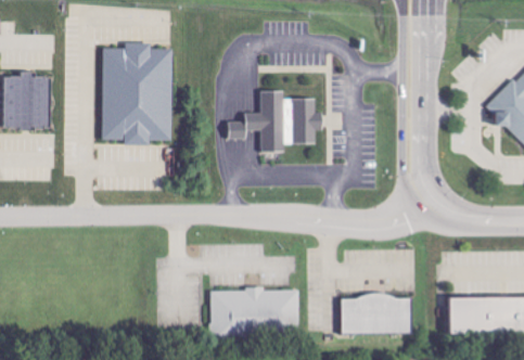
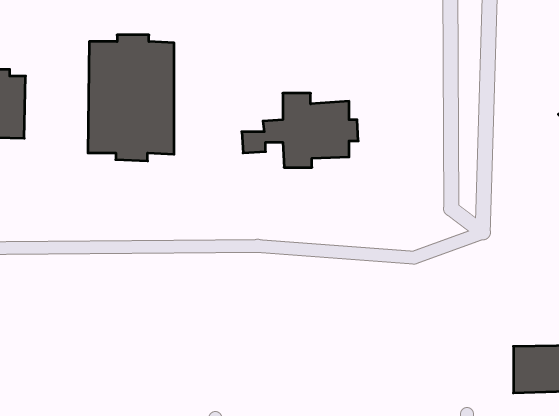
building: [209,288,299,340] -> none
building: [342,295,411,332] -> none

